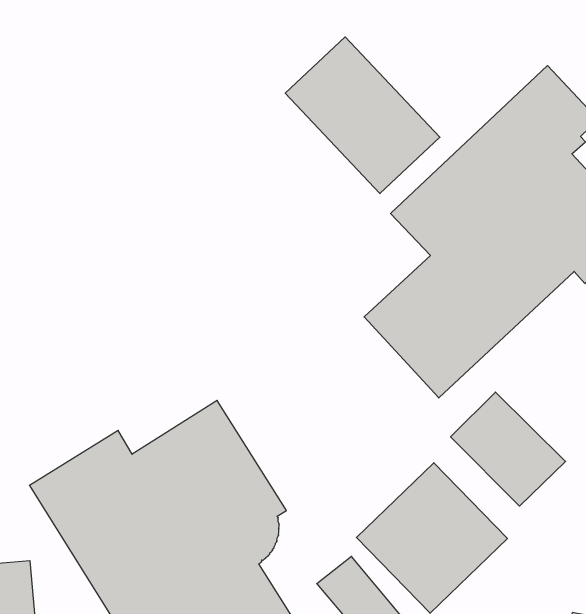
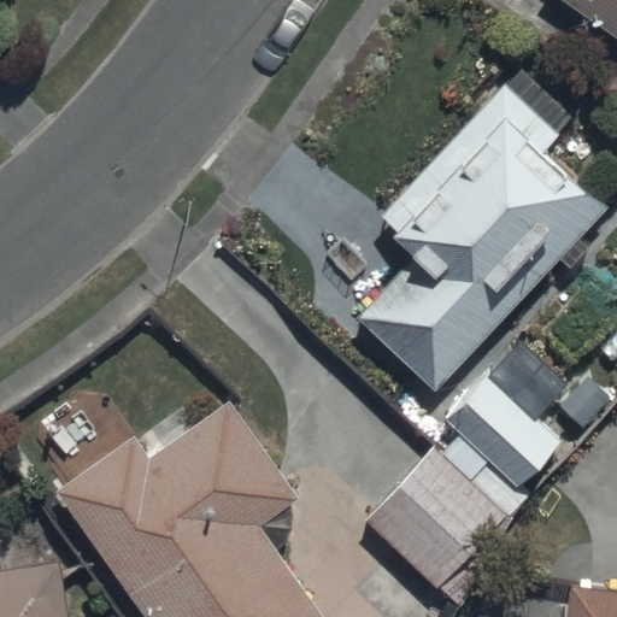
building: [285,37,440,194] -> none

